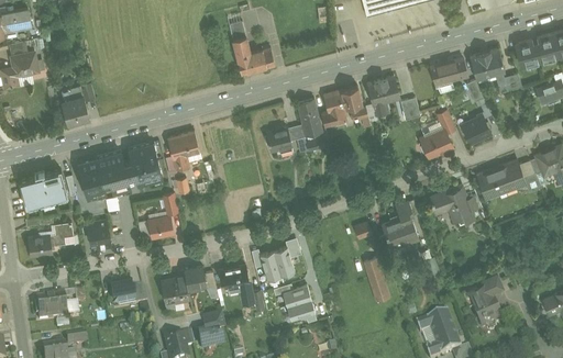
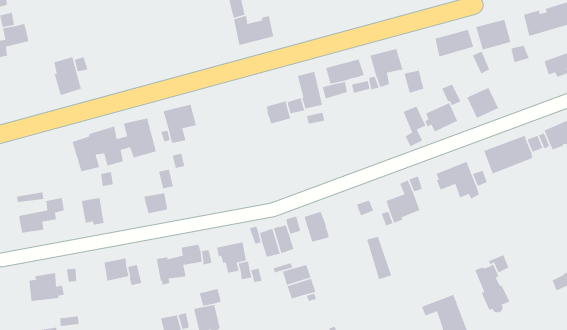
building: none -> [402,106,426,147]
building: [18,170,67,208] -> none
building: none -> [304,211,330,242]

